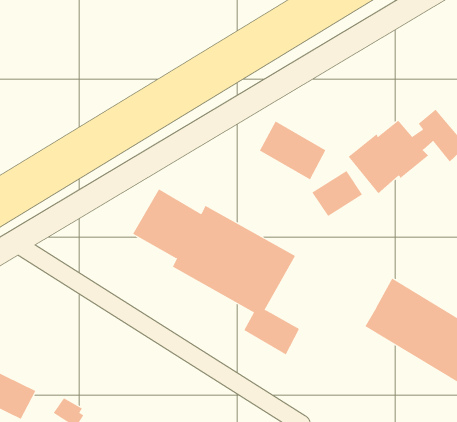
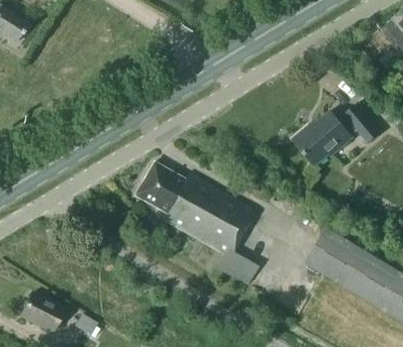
building: [259,120,326,180] -> none
building: [312,170,363,217] -> none

